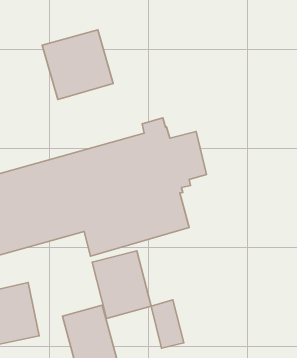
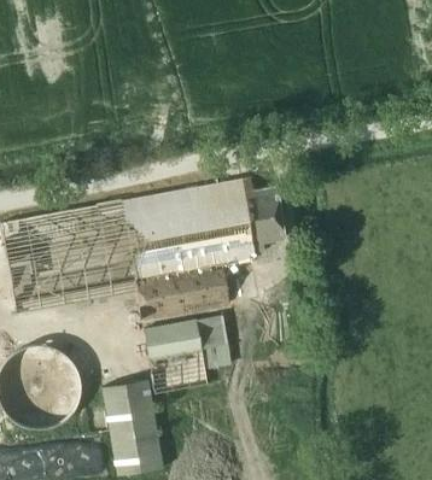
building: [42,30,113,100] -> none
building: [151,300,184,348] -> [197,312,230,367]

